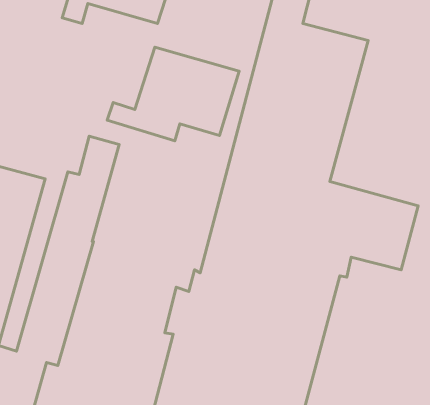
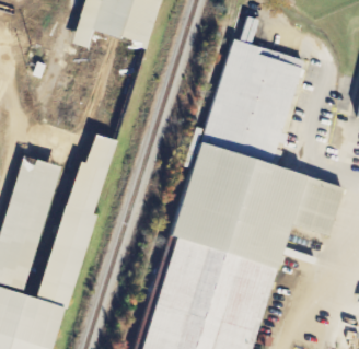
building: [107,47,239,141] -> none

